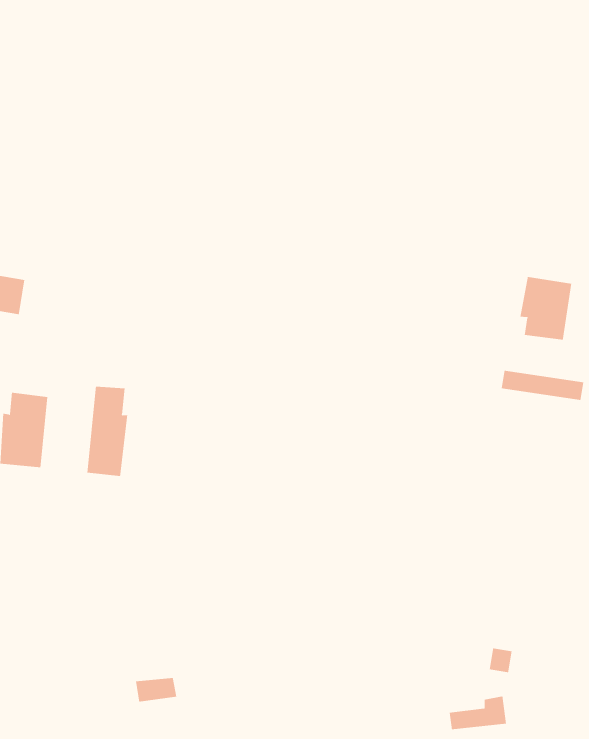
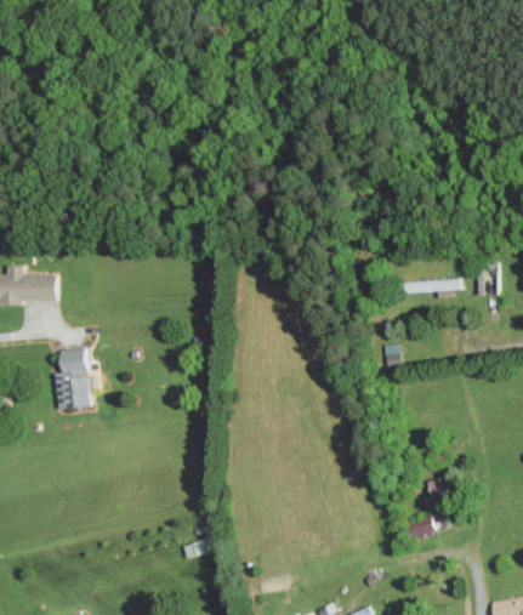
building: [520,276,572,341] -> none
building: [87,386,128,477] -> none

